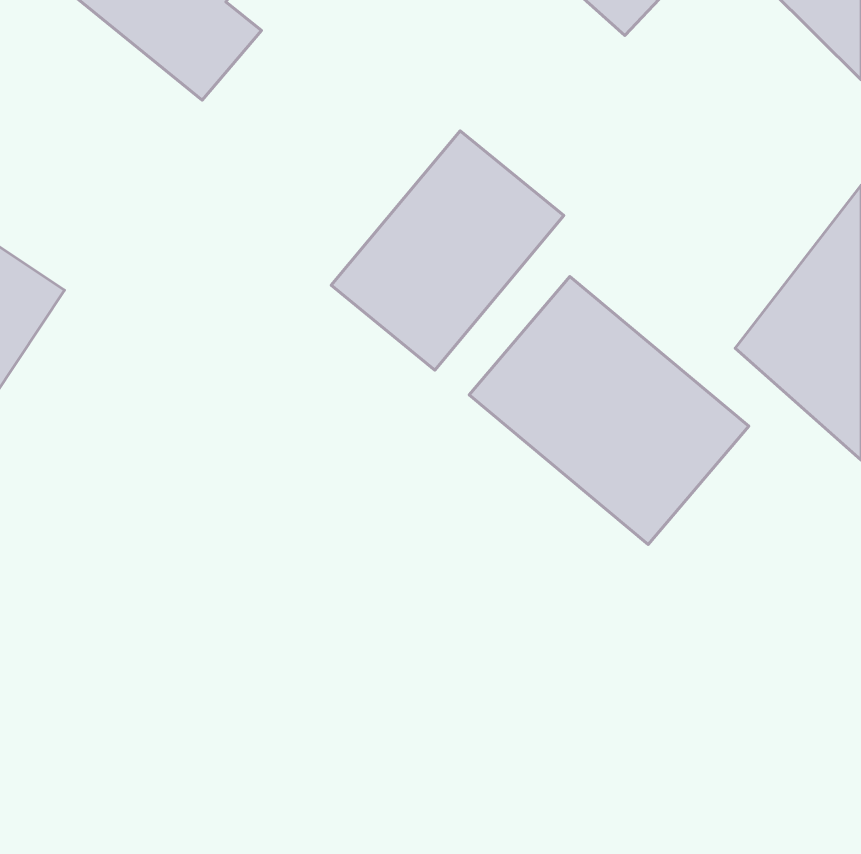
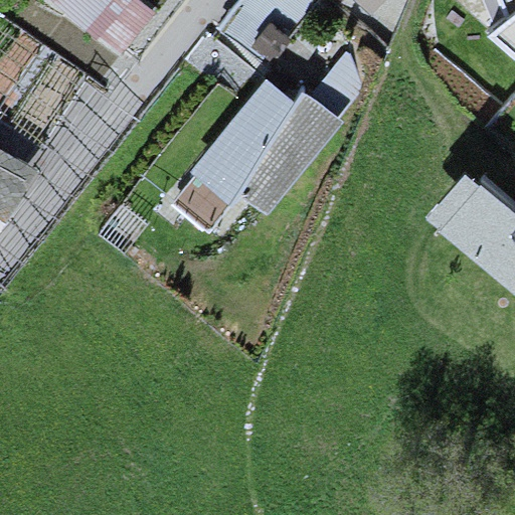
building: [469,277,749,544] -> none

